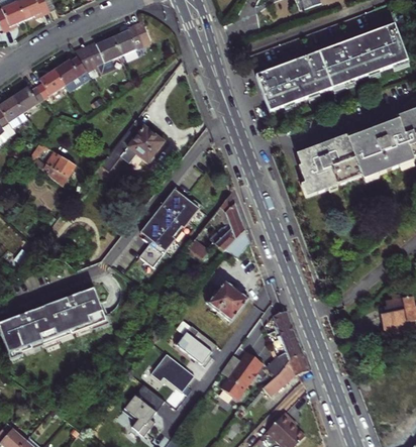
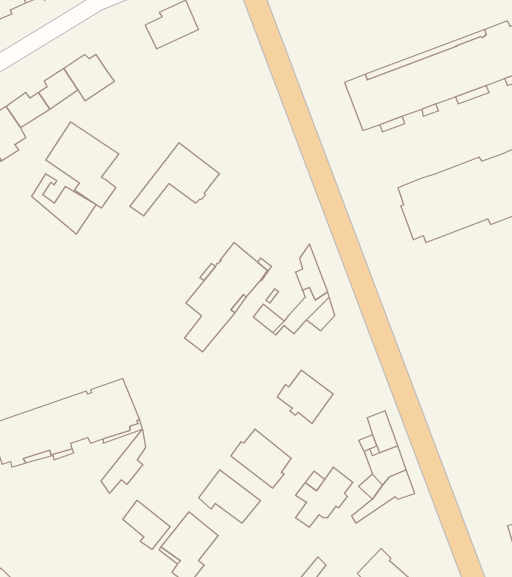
building: [73,35,121,71] -> none
building: none -> [46,122,119,208]
building: none -> [101,429,145,493]
building: none -> [123,500,170,549]

